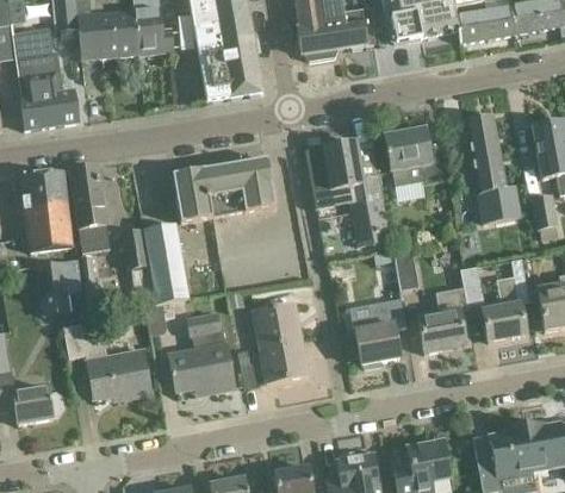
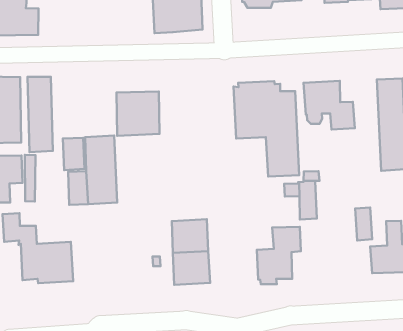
building: [222,156,277,214] -> none
building: [420,288,466,352] -> none
building: [172,313,236,395] -> none

